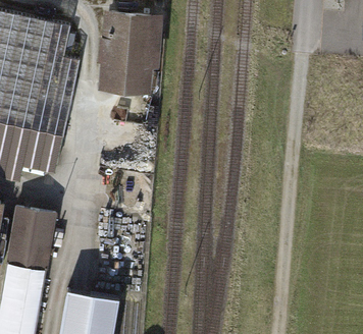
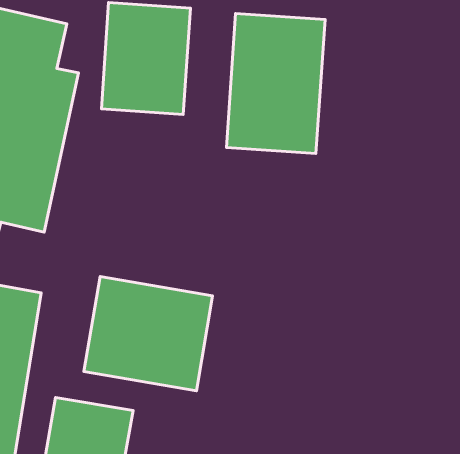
building: none -> [226,14,325,153]
building: none -> [84,276,213,391]

